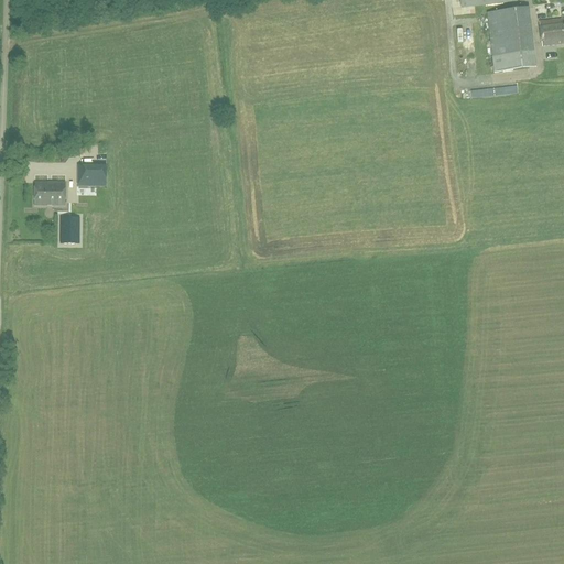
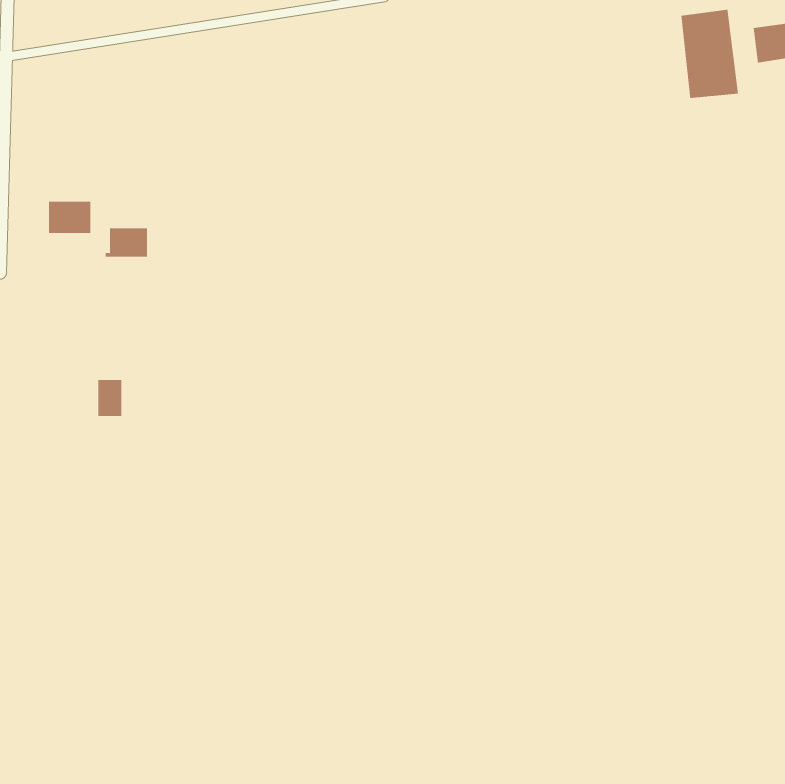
building: [35,181,66,204] -> [48,201,91,233]
building: [62,216,79,242] -> [97,380,122,417]

